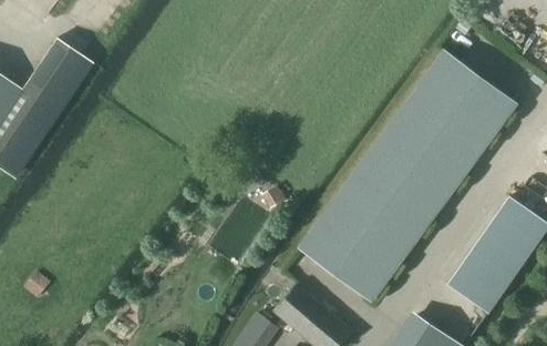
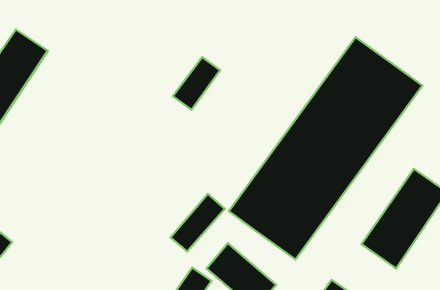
building: none -> [173,57,220,110]
building: none -> [170,194,225,252]

